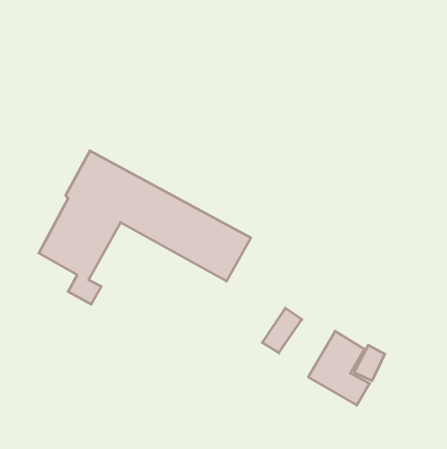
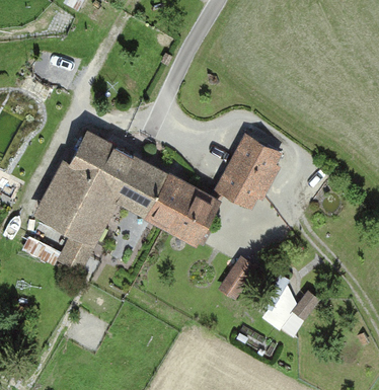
building: none -> [221,140,275,205]

